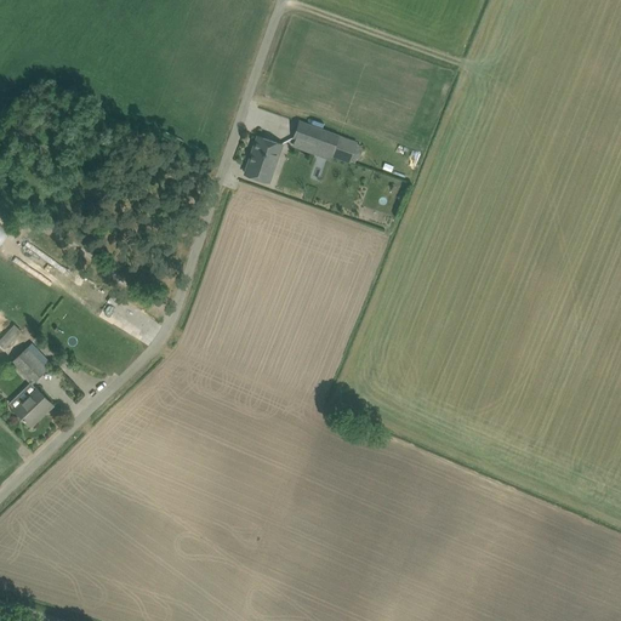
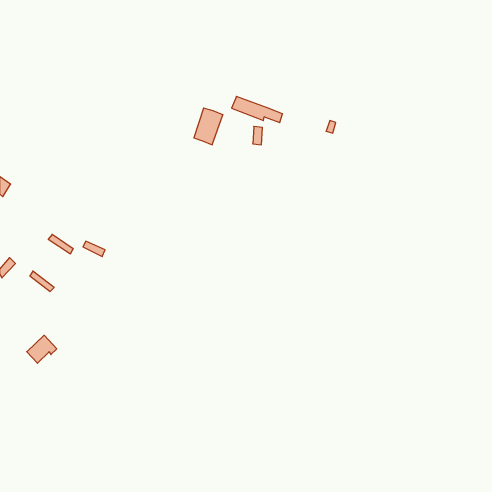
building: [10,348,46,384] -> none
building: [13,389,51,425] -> [27,335,57,363]

